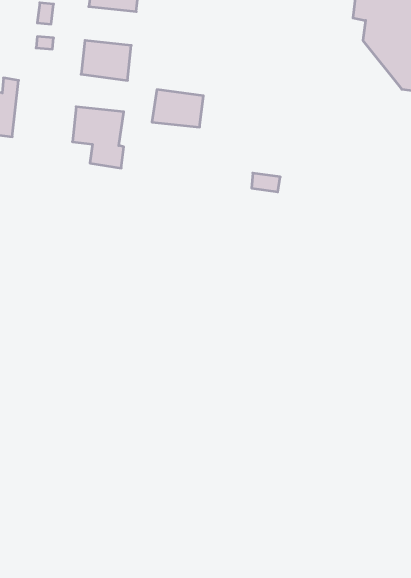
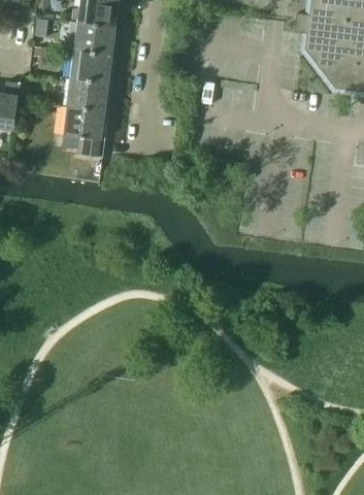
building: none -> [73,22,115,54]
building: [152,90,203,127] -> [66,77,108,108]

